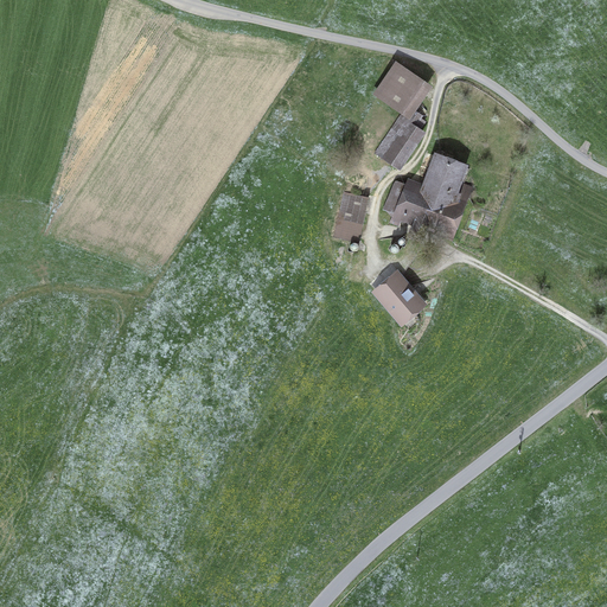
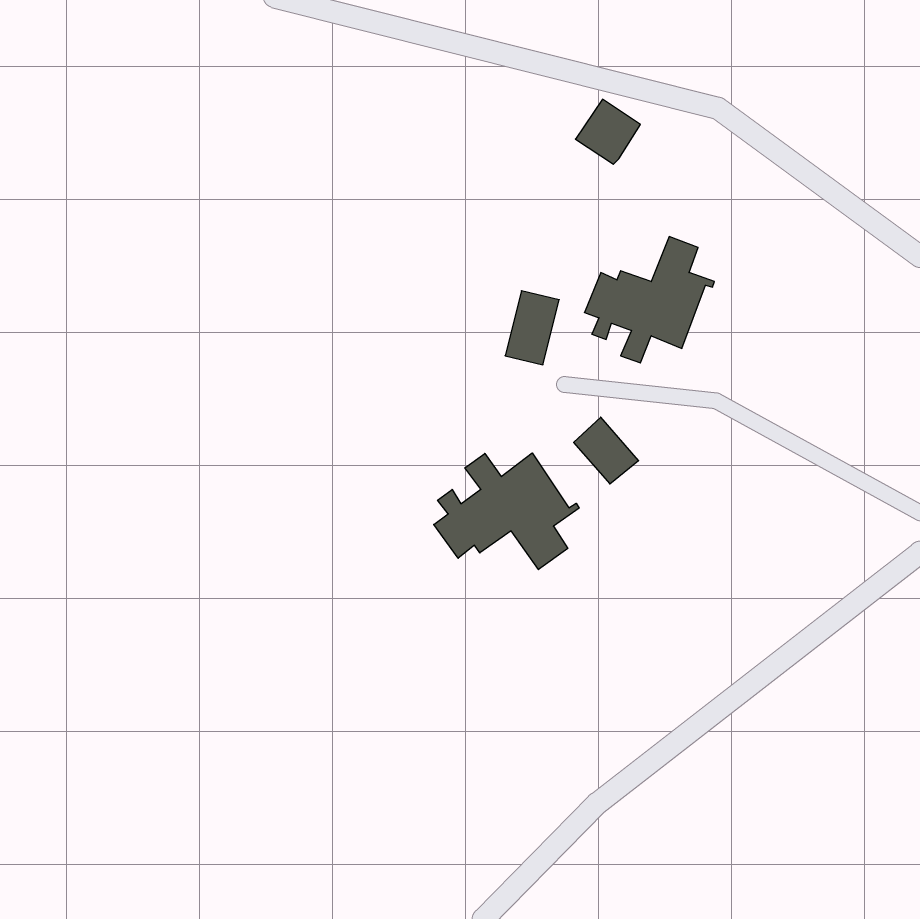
building: [376,104,422,164] -> none
building: none -> [434,453,579,570]

